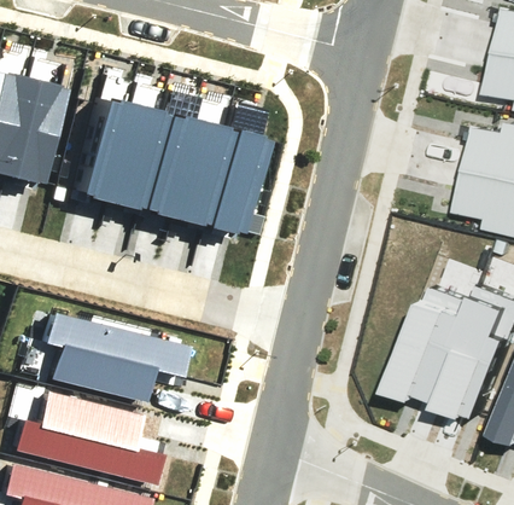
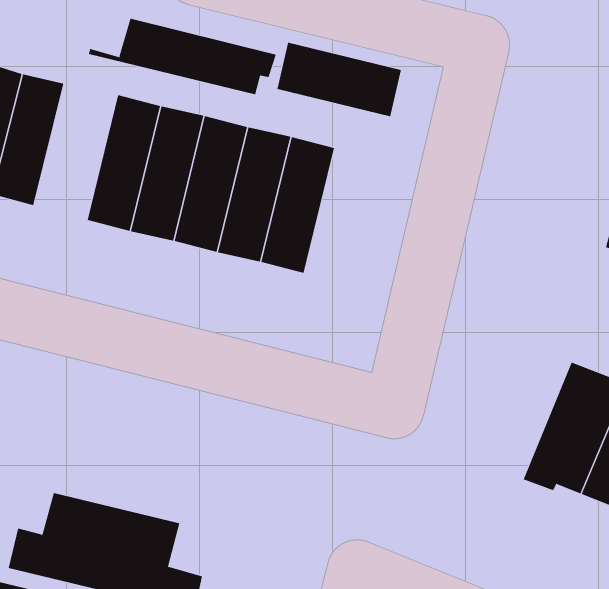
building: none -> [88,18,277,95]
building: none -> [277,42,401,117]
building: [40,310,187,400] -> none

